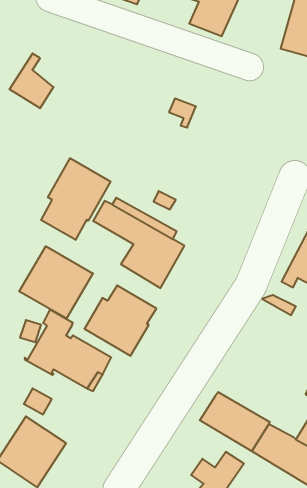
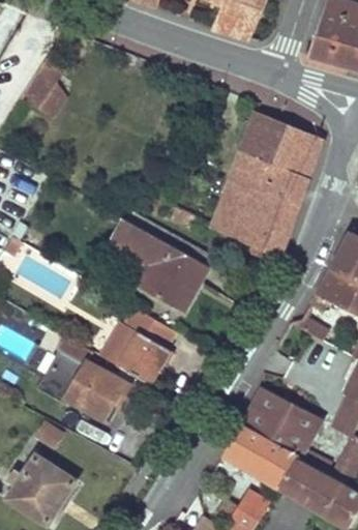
building: none -> [210,112,324,255]
building: [41,158,110,240] -> none
building: [19,246,93,319] -> none
building: none -> [243,389,329,473]

